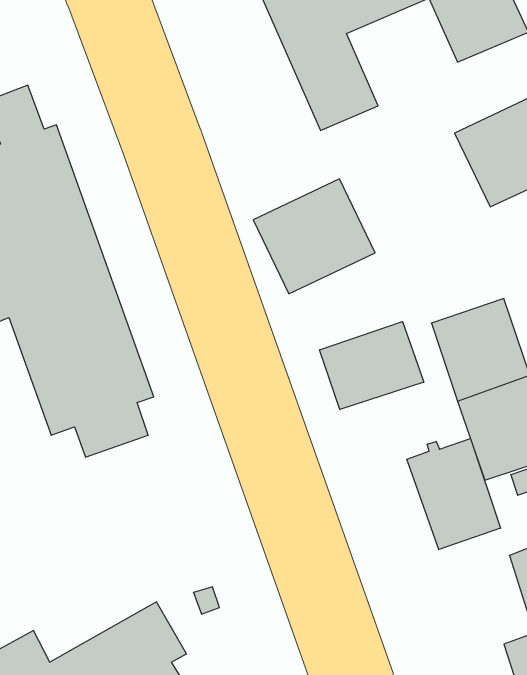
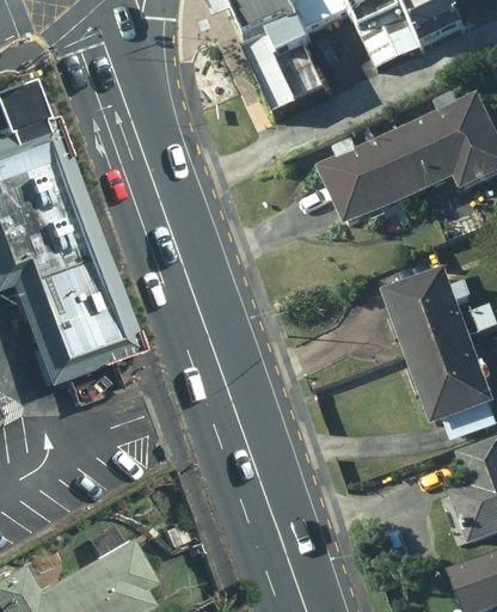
building: [253,179,375,294] -> [324,124,430,225]
building: [320,322,424,410] -> none
building: [407,439,501,550] -> none

